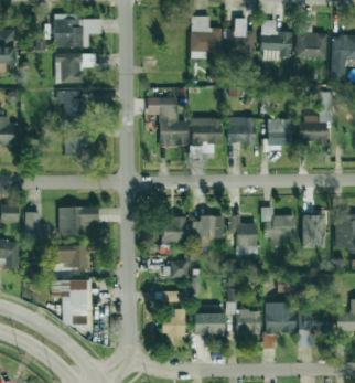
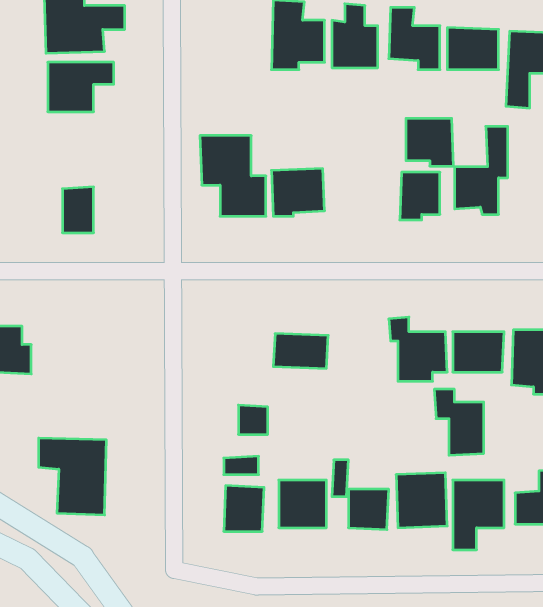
building: [56,89,84,118] -> none
building: [227,117,256,146] -> [406,118,454,166]
building: [57,206,98,235] -> none
building: [227,215,257,255] -> [434,389,484,455]
building: [162,216,185,243] -> none
building: [46,245,87,267] -> none

